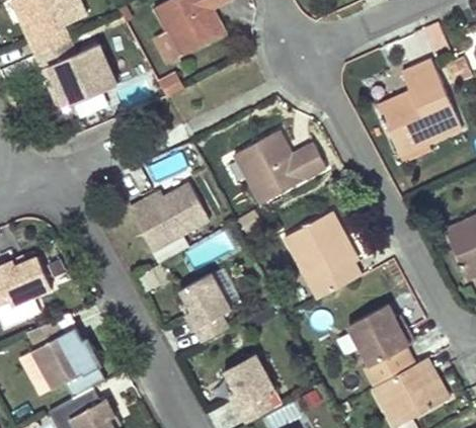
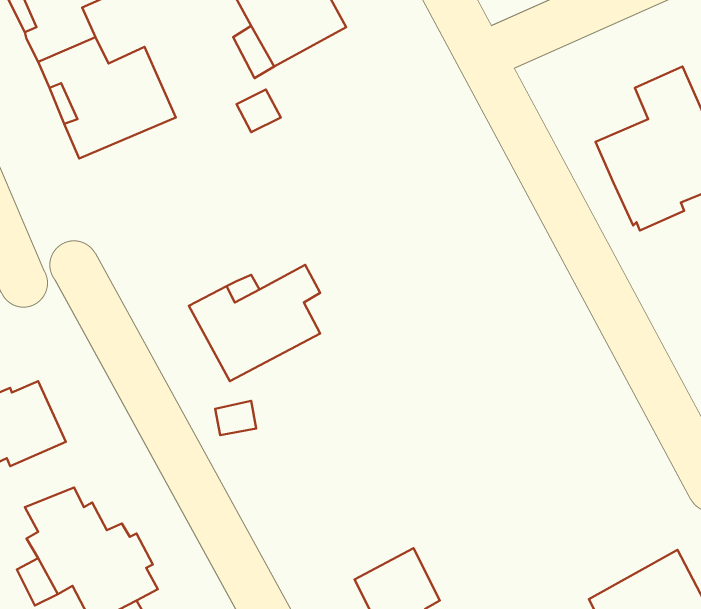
building: [233,131,325,204] -> none
building: [286,209,365,298] -> none
building: [180,271,233,341] -> none
building: [347,304,416,367] -> none

